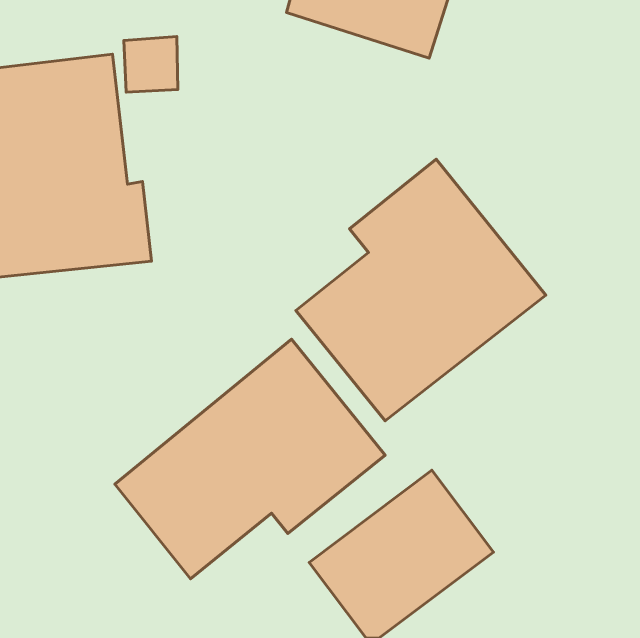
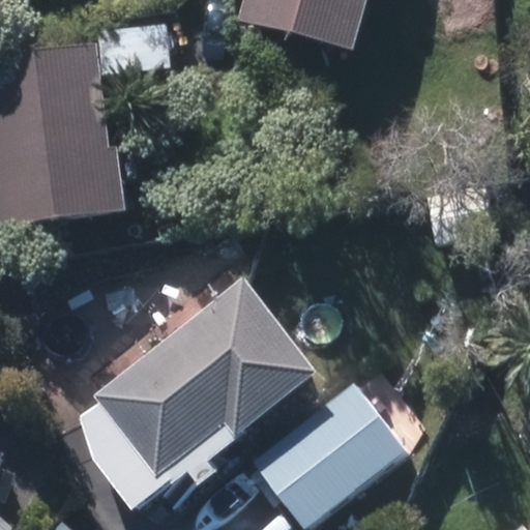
building: [296,159,546,421] -> none

